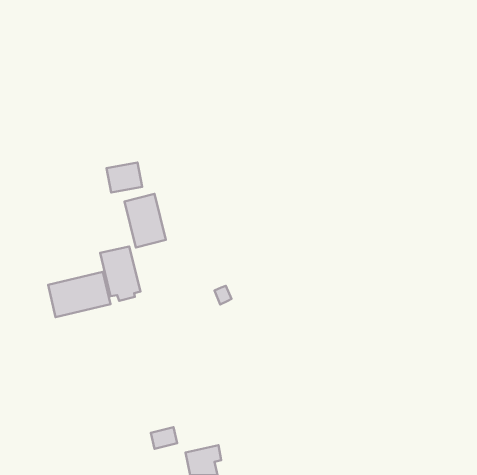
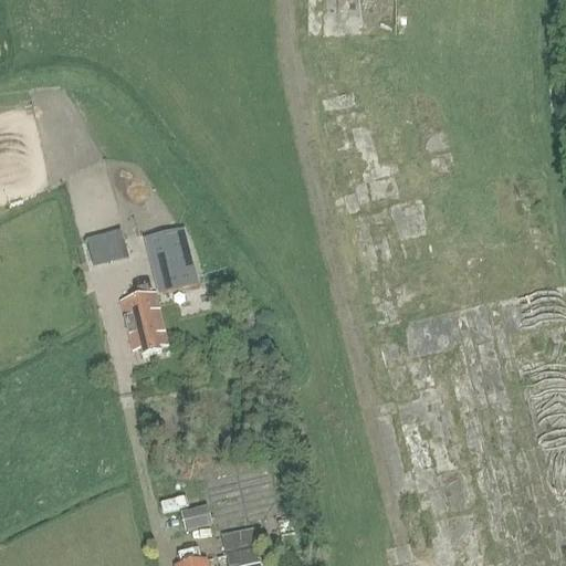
building: [107,162,142,192] -> [86,228,128,263]
building: [48,272,110,317] -> none

